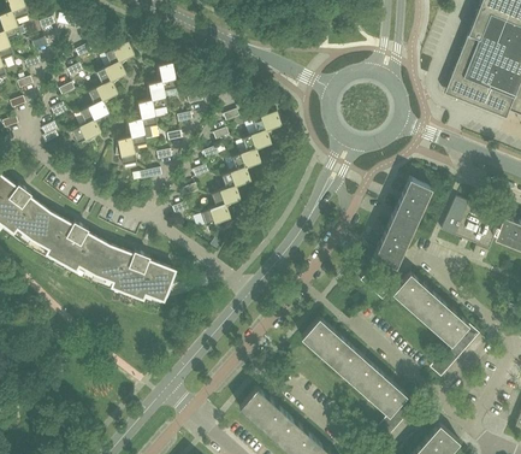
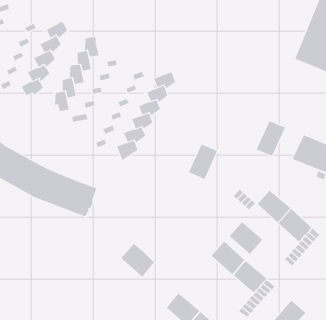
building: [374,218,415,267] -> [188,144,218,180]
building: [302,318,349,364] -> [229,221,263,255]
building: [239,388,286,435] -> [120,243,155,277]

